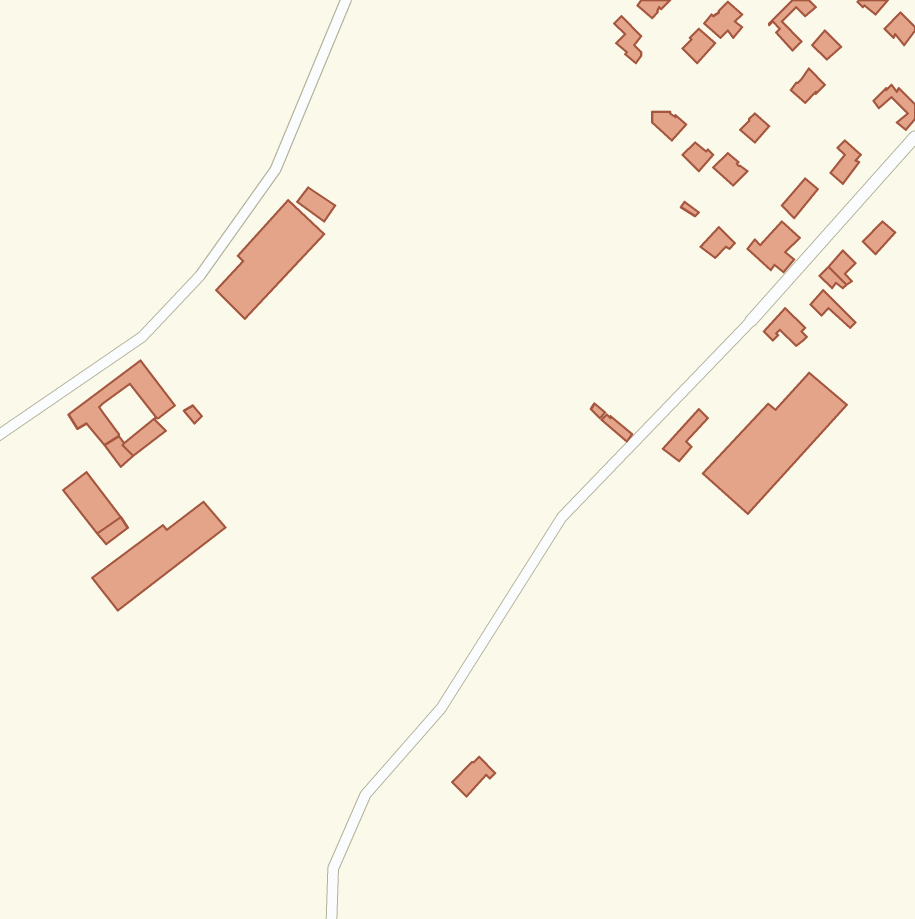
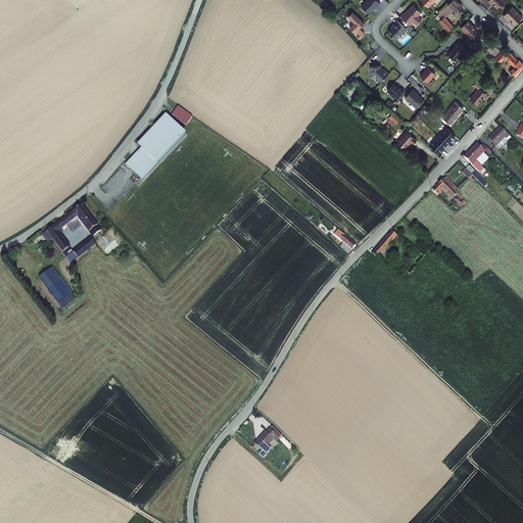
building: [703,373,847,514] -> none
building: [92,502,225,610] -> none

